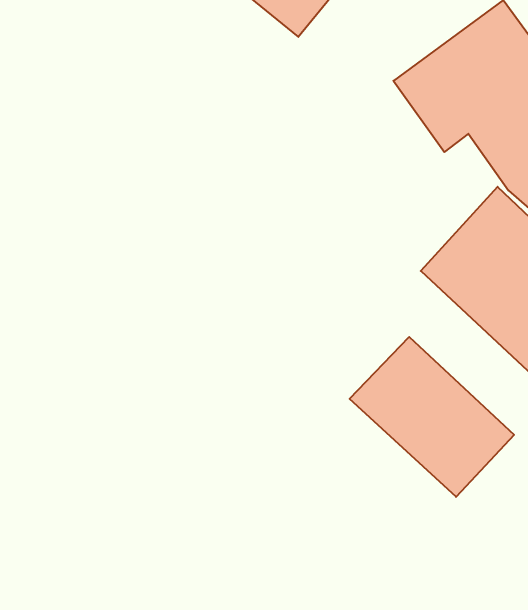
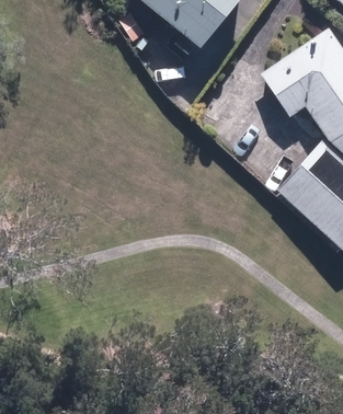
building: [350,337,514,497] -> none

